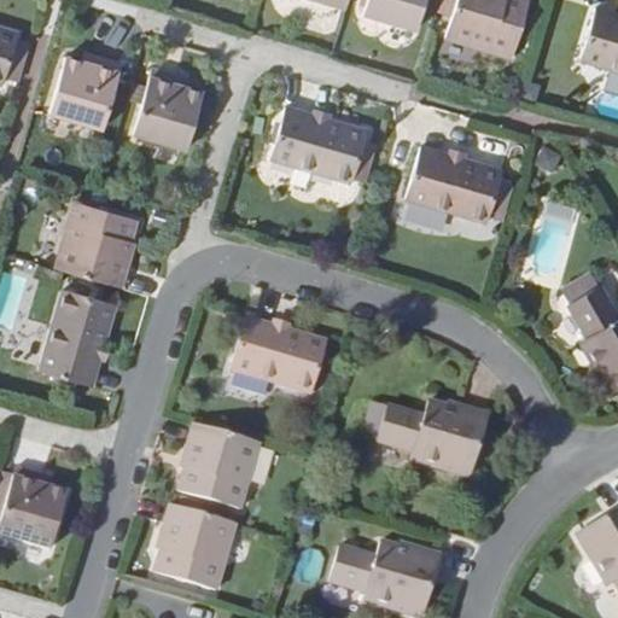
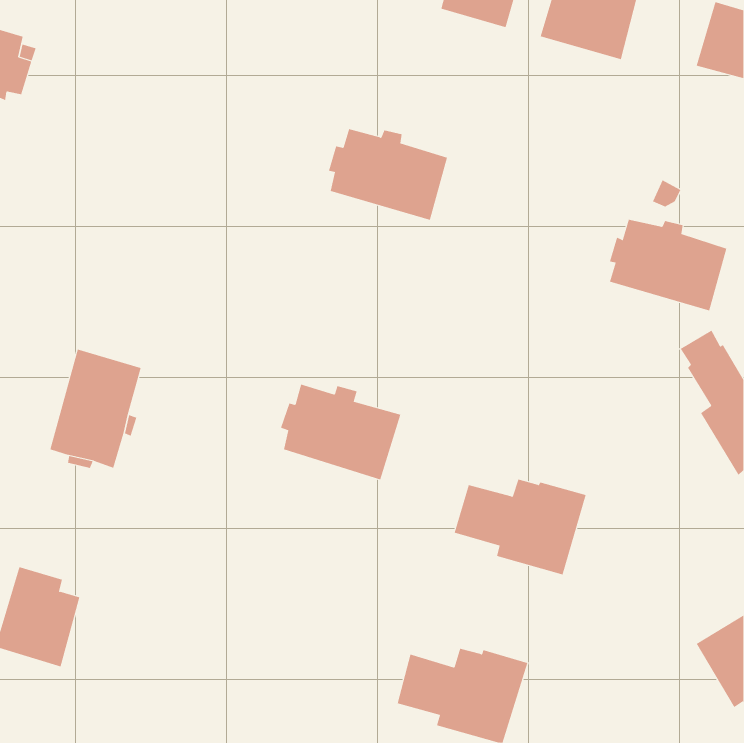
building: [51,53,123,129] -> none
building: [135,68,204,150] -> none
building: [408,146,506,222] -> [609,219,727,311]
building: [57,202,140,287] -> none
building: [181,426,262,512] -> none
building: [157,505,239,591] -> none

